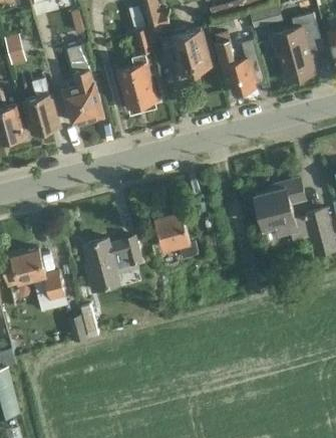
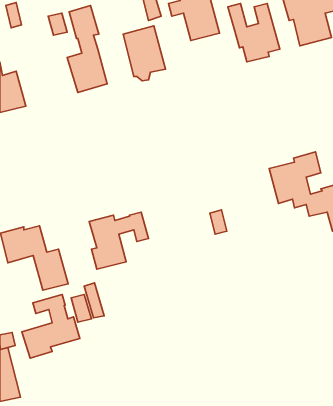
building: [23,77,59,135] -> none
building: [154,211,200,258] -> none
building: none -> [22,295,80,358]

